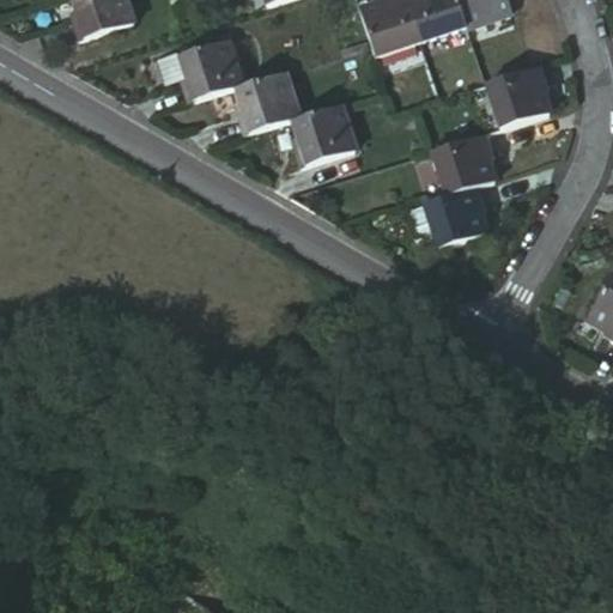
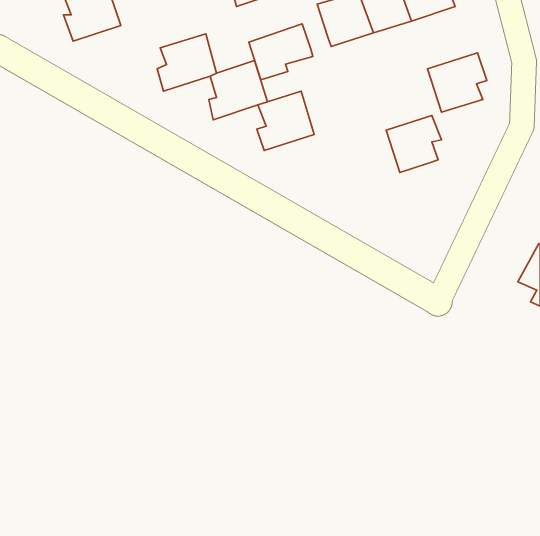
building: none -> [249,24,313,80]
building: [423,184,491,257] -> none

